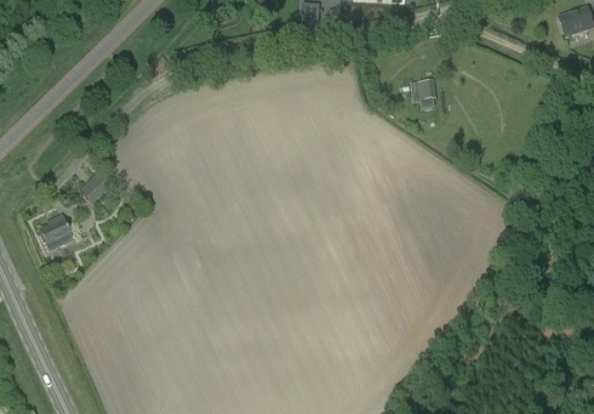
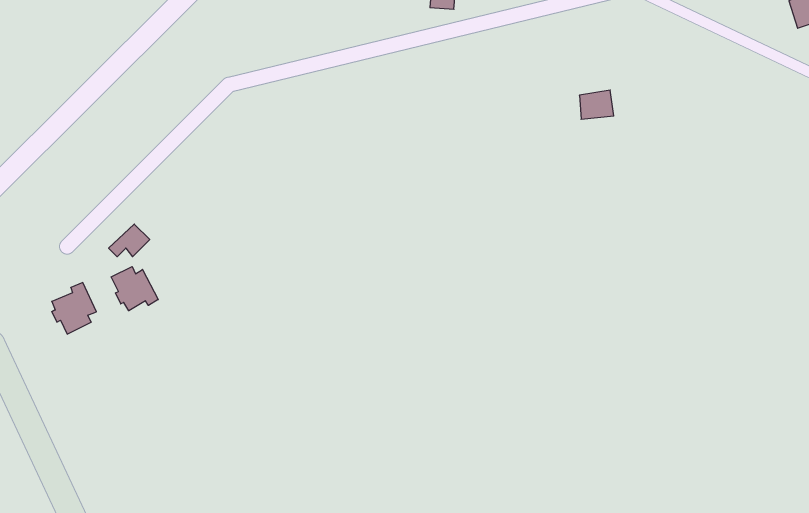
building: none -> [111,267,158,311]

